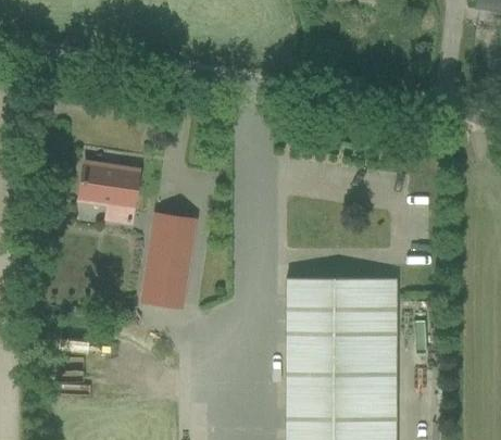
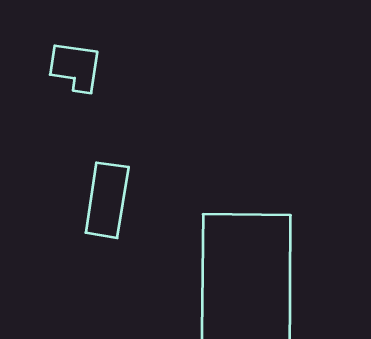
building: [80,164,139,223] -> [50,46,97,93]

